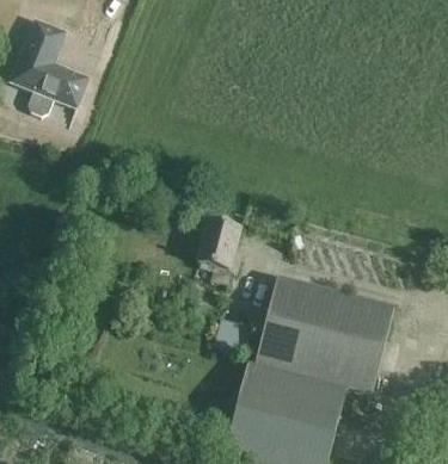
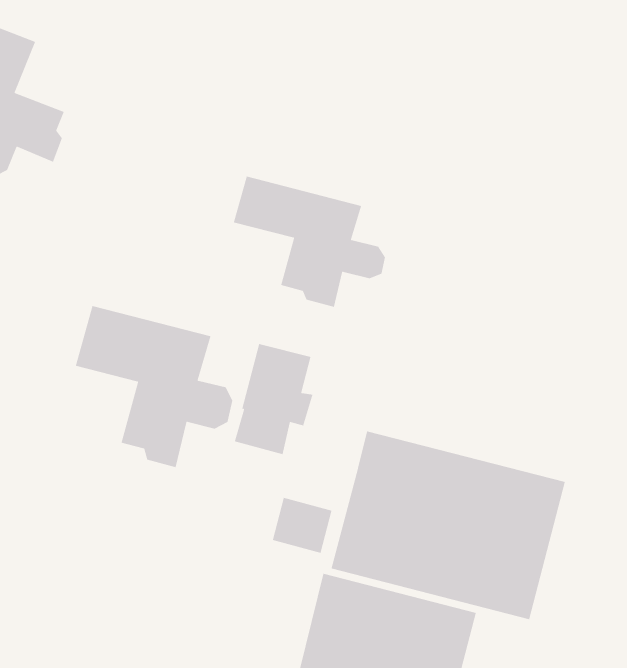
building: none -> [233,176,386,308]
building: none -> [75,305,233,468]

